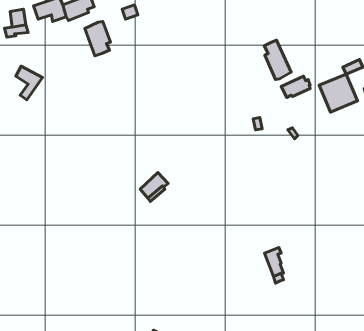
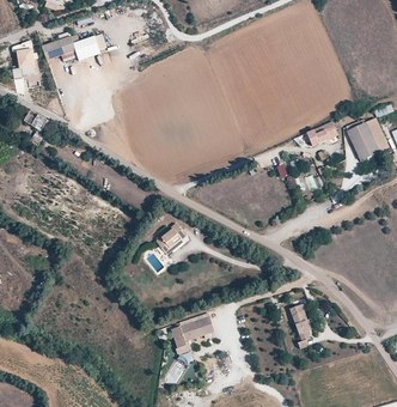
building: [85,21,110,56] -> none
building: [264,40,291,79] -> none
building: none -> [170,315,213,346]

